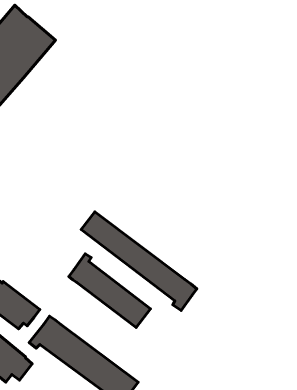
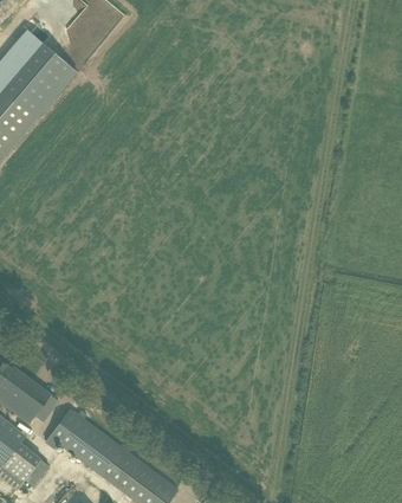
building: [81,212,197,311] -> none
building: [69,254,151,328] -> none

